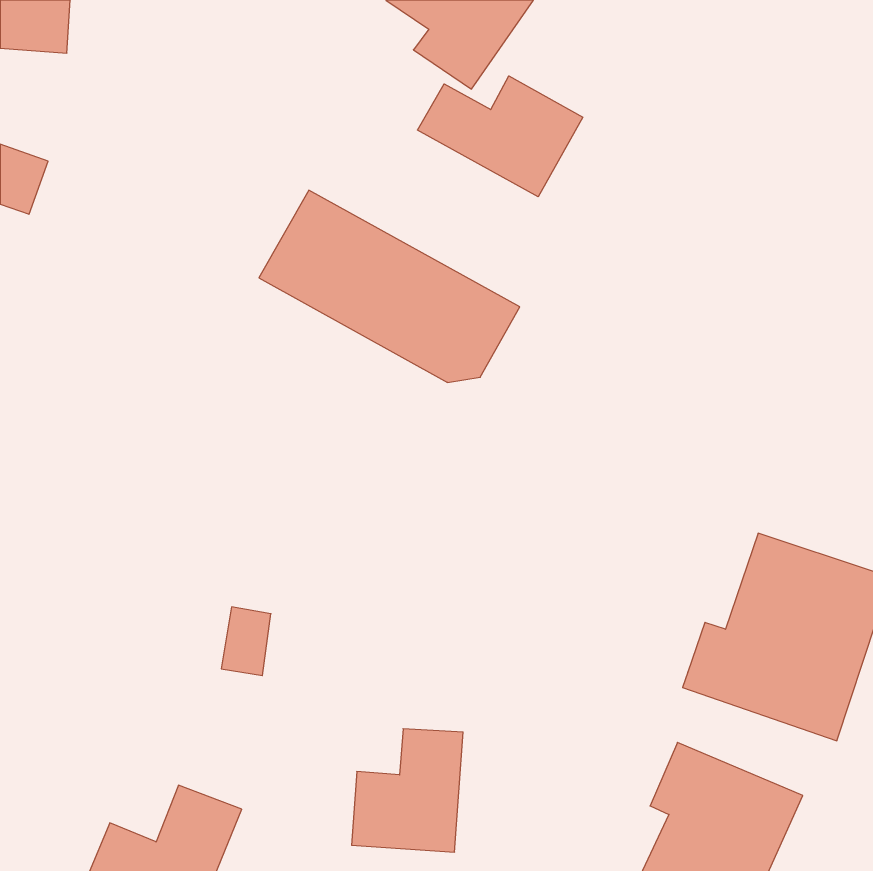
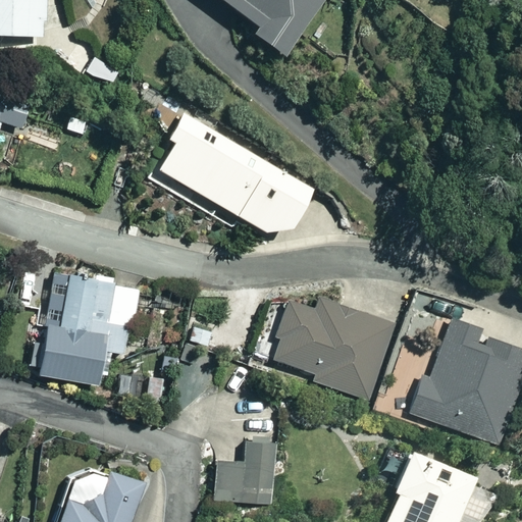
building: [417,76,583,197] -> none
building: none -> [34,277,136,383]
building: none -> [272,293,398,405]

